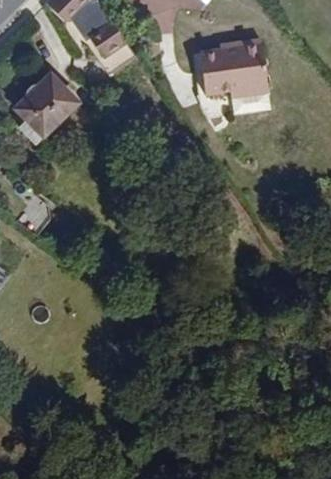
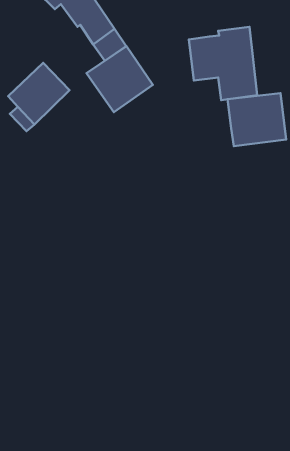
building: none -> [87,46,153,112]
building: none -> [227,93,286,146]

